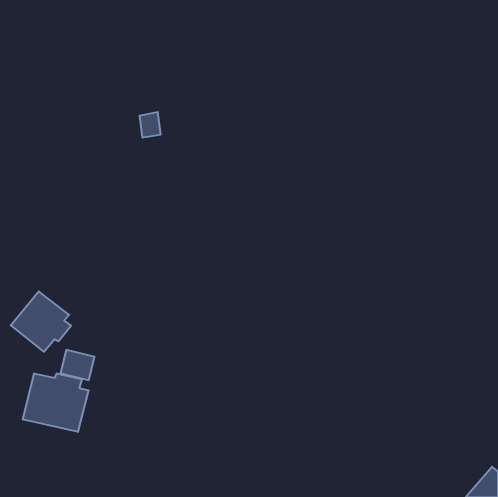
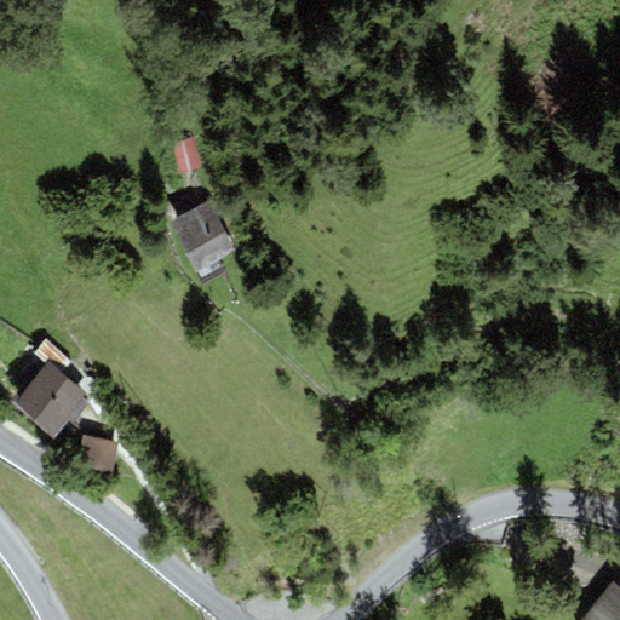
building: none -> [171,202,236,272]
building: [23,373,89,432] -> none

